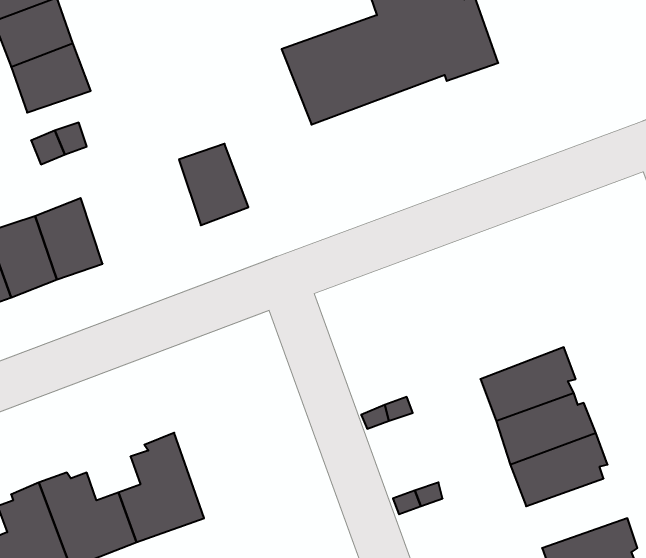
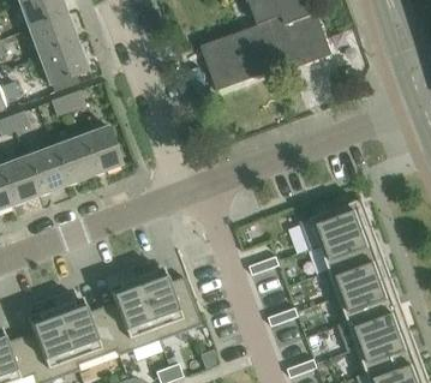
building: [179,144,248,225] -> [79,126,121,175]
building: none -> [310,201,371,245]
building: none -> [136,271,196,329]
building: none -> [348,305,409,347]

